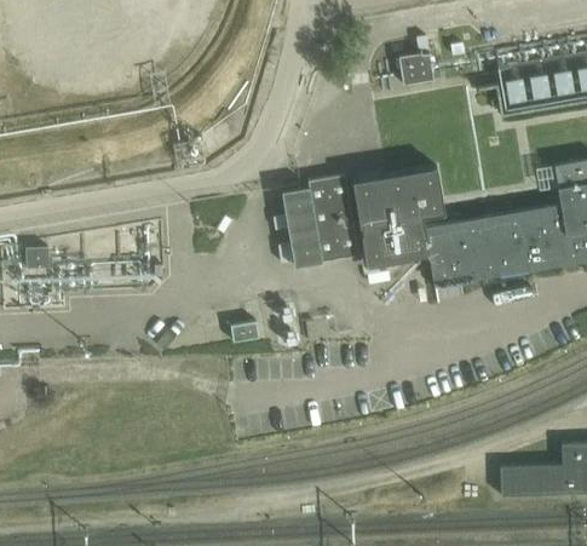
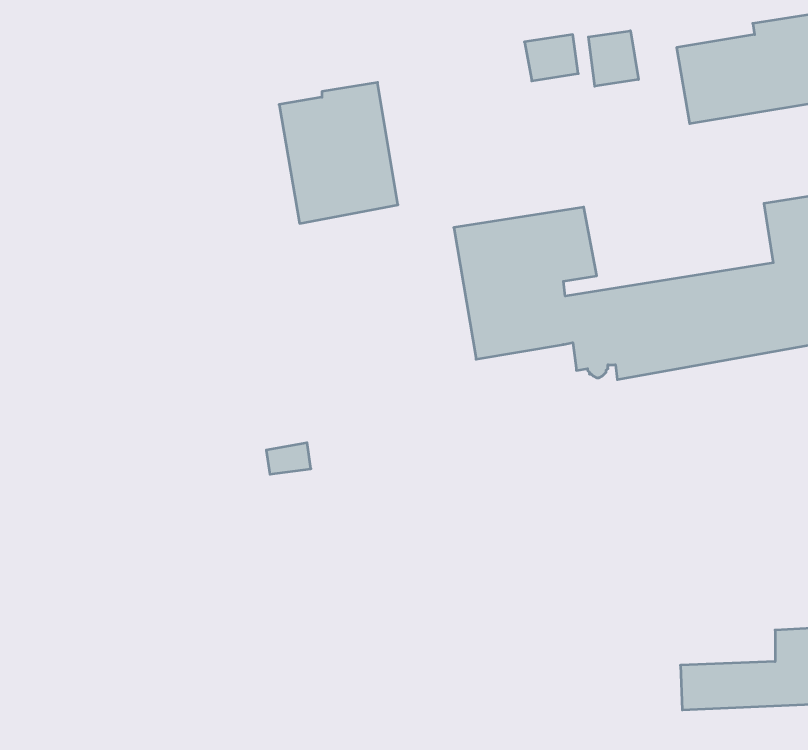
building: none -> [588,31,638,86]
building: [282,176,359,268] -> [279,82,398,223]

